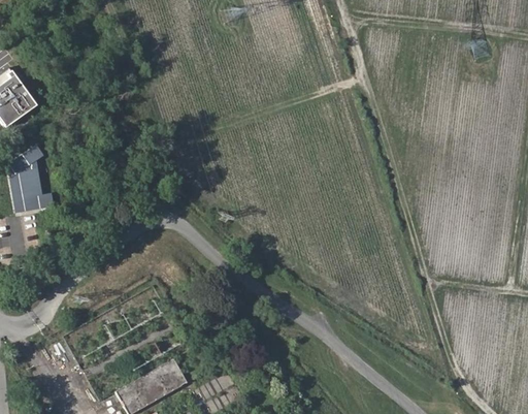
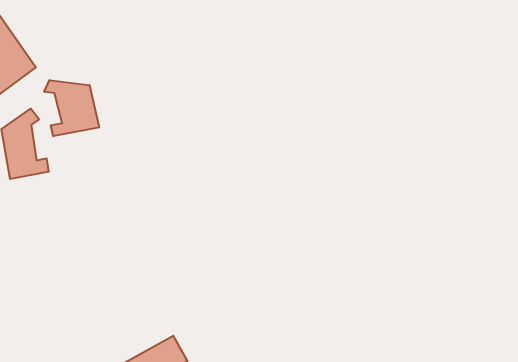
building: none -> [44,80,99,136]

